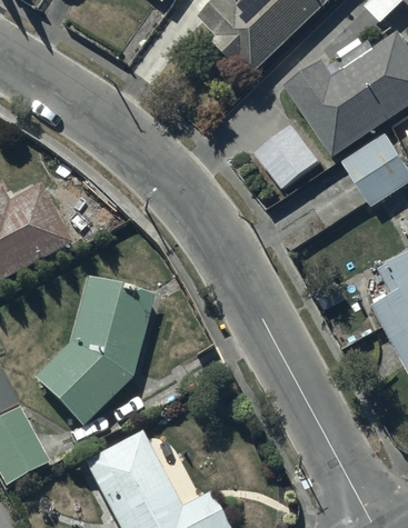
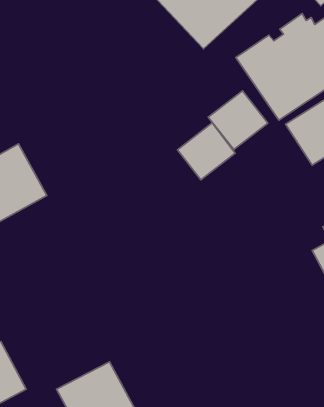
building: none -> [178,123,235,180]
building: [32,276,153,427] -> none

